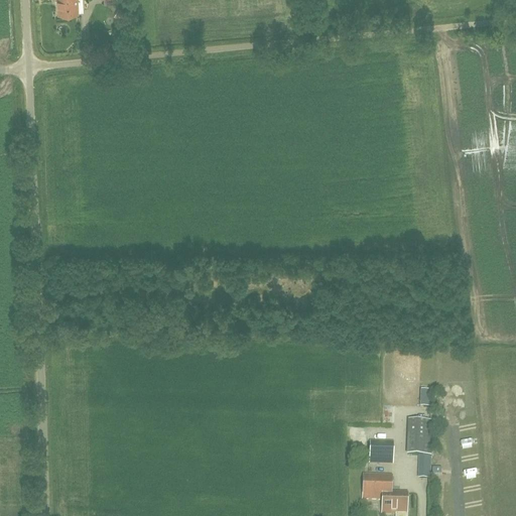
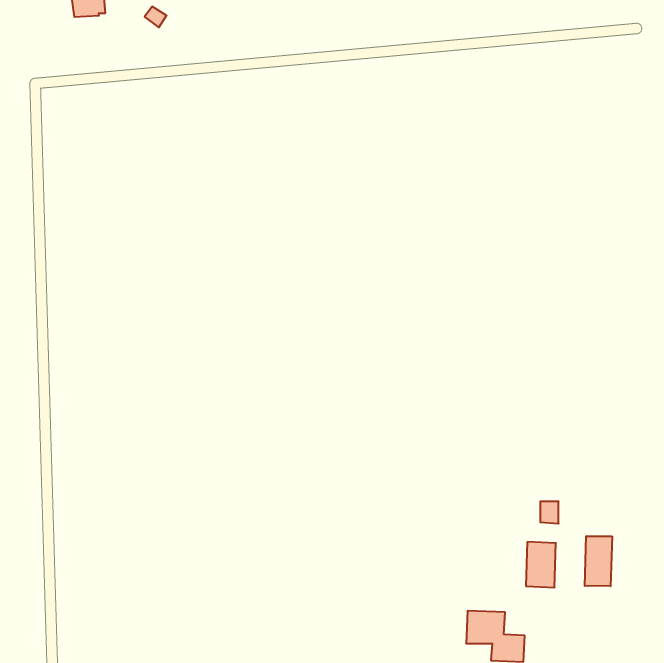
building: none -> [585,536,612,586]
building: [368,440,393,464] -> none

